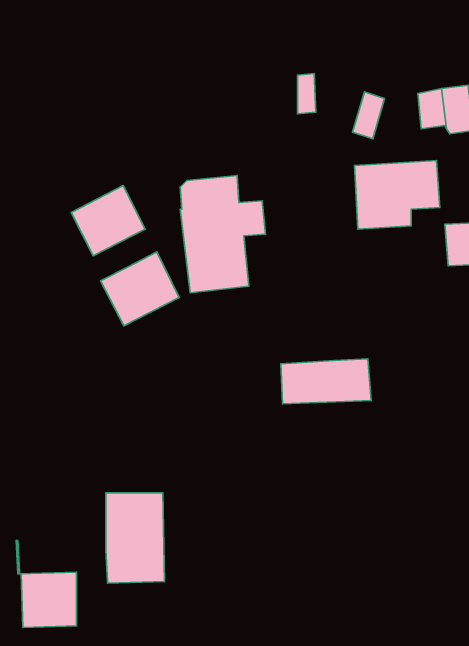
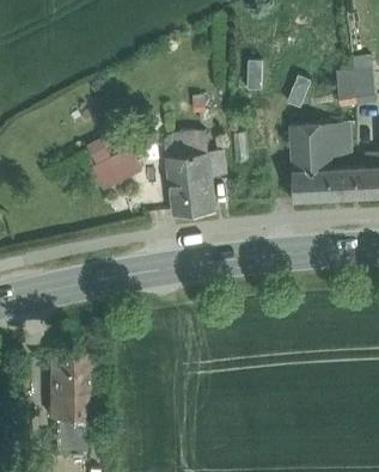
building: [100,252,179,326] -> none
building: [281,359,371,404] -> [292,167,356,200]
building: [106,493,164,583] -> [49,353,91,417]

